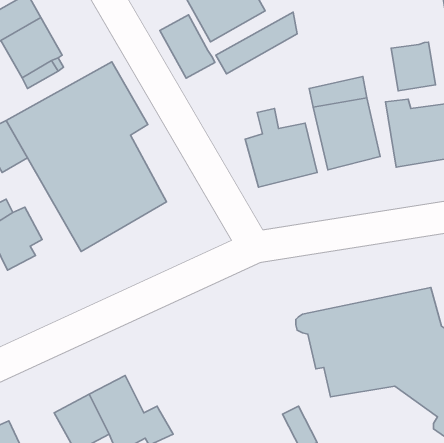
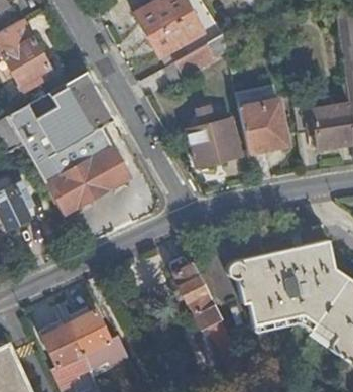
building: [160,15,215,78] -> none
building: [391,42,435,91] -> none
building: none -> [171,261,220,326]

